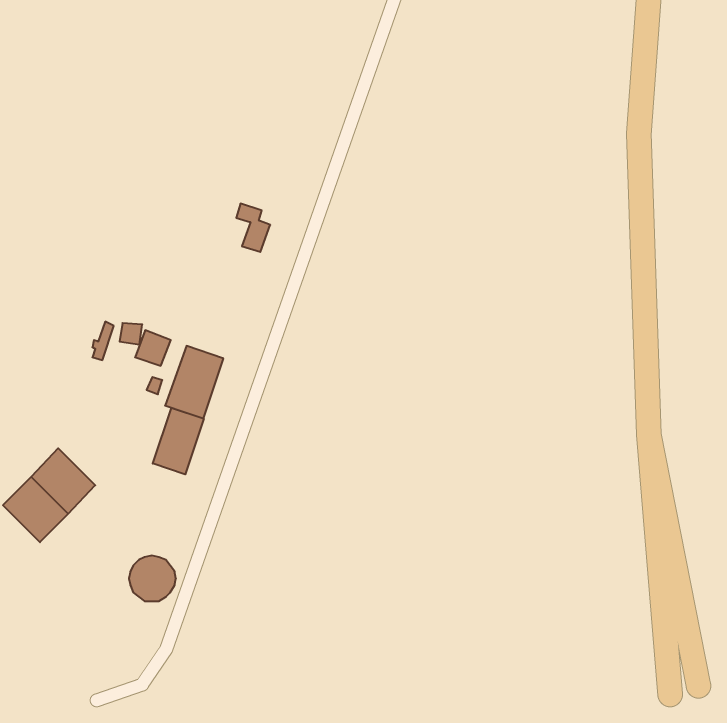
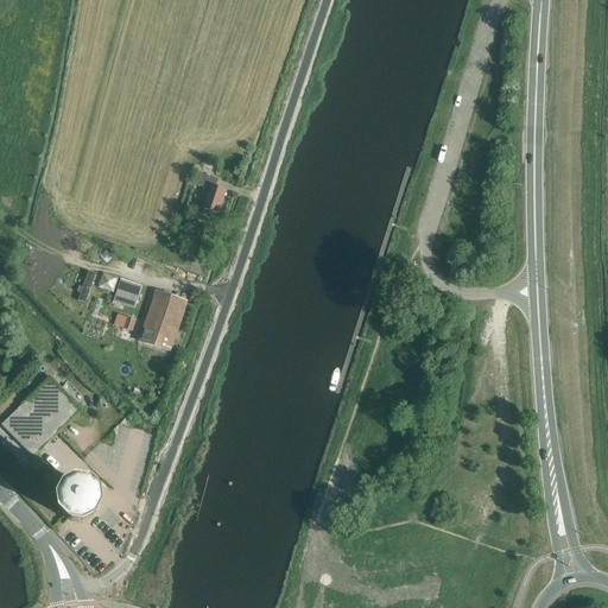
building: [153,408,204,474] -> none
building: [129,556,176,601] -> [61,481,100,519]

